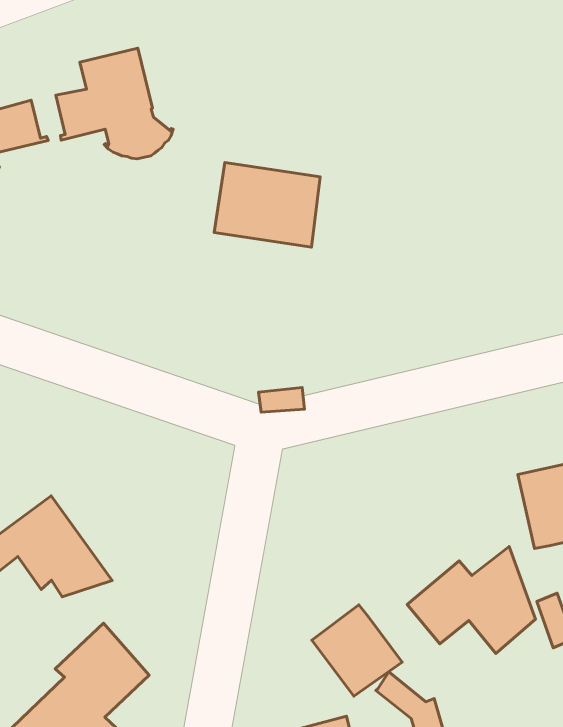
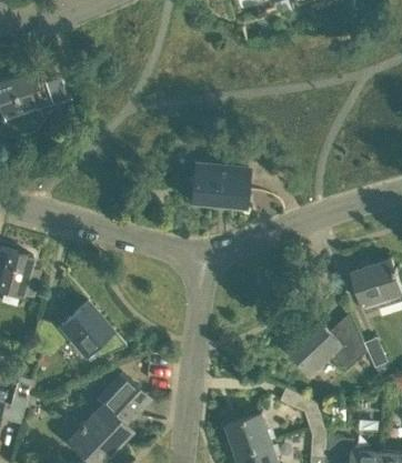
building: [56,48,173,159] -> none
building: [214,163,320,247] -> [191,163,249,208]
building: [312,605,402,696] -> none

